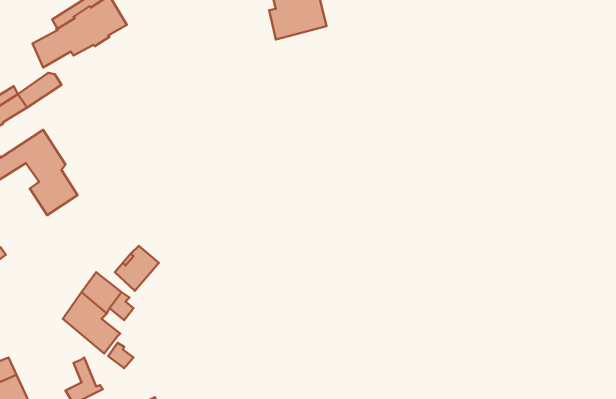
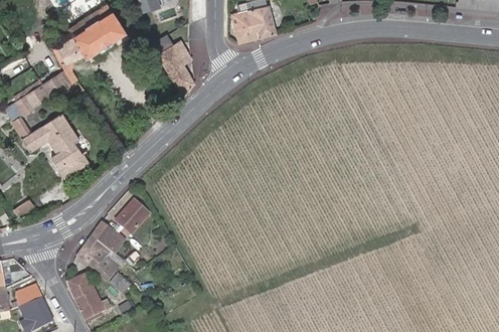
building: none -> [158,40,194,96]
building: none -> [66,274,91,310]

